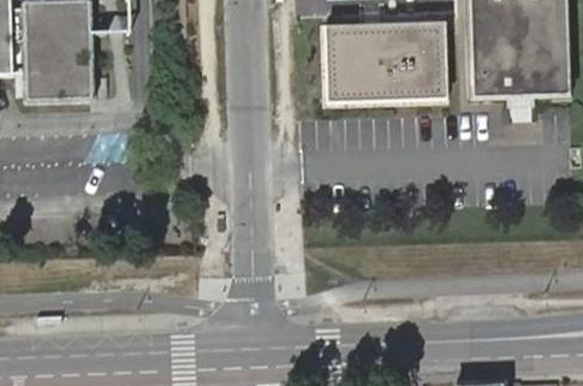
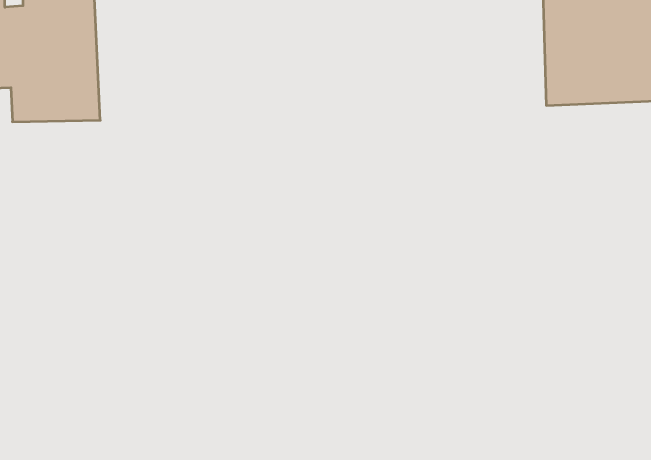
building: [333,12,444,94] -> none

